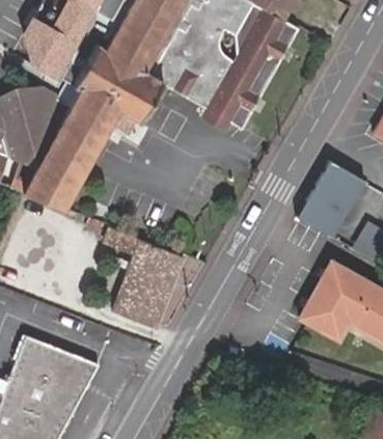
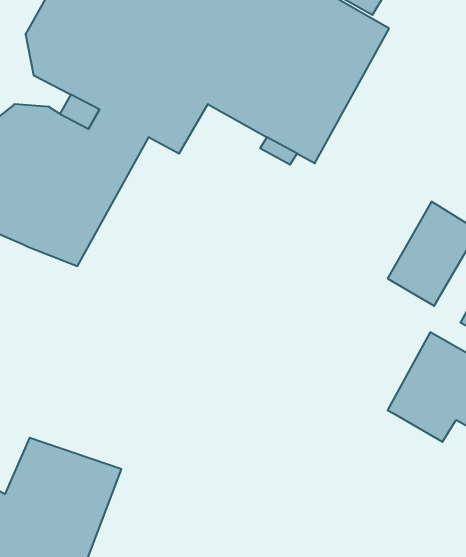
building: [106,227,186,327] -> none

